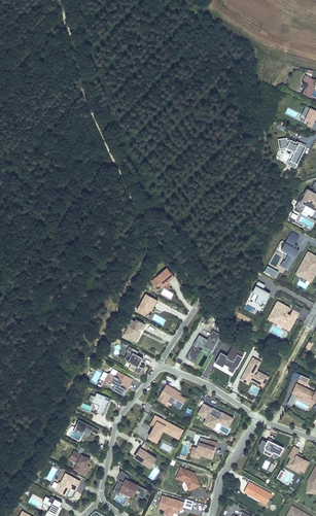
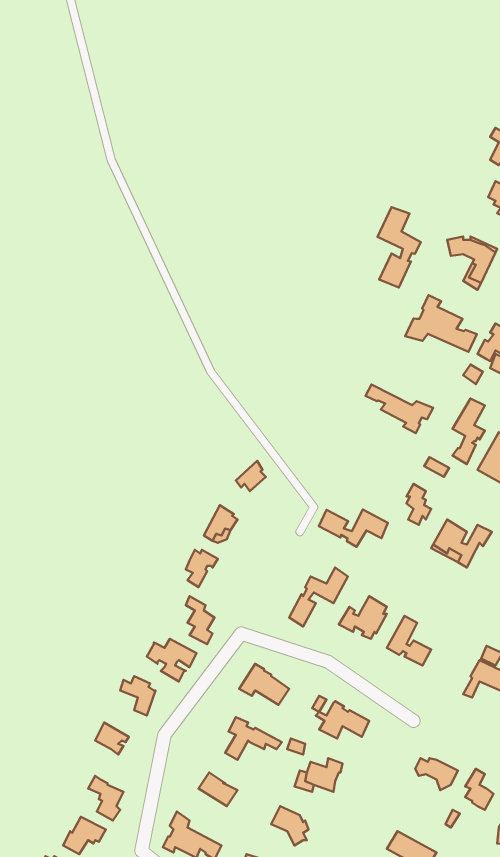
building: none -> [377,207,421,287]
building: none -> [405,295,477,352]
building: none -> [366,385,433,433]
building: none -> [319,510,388,547]

